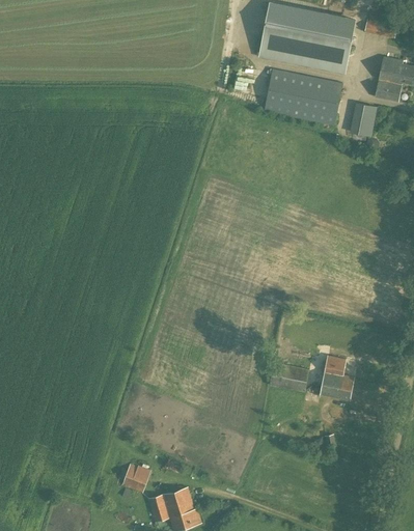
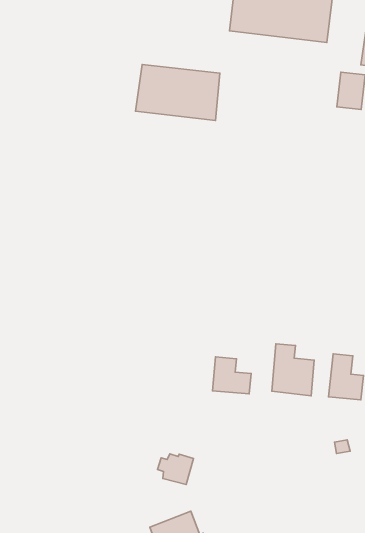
building: [263,69,341,125] -> [136,65,220,120]
building: none -> [212,357,251,394]
building: [117,464,150,493] -> [157,454,193,484]

